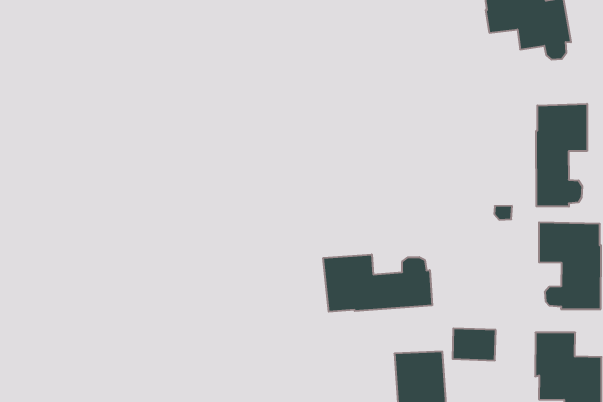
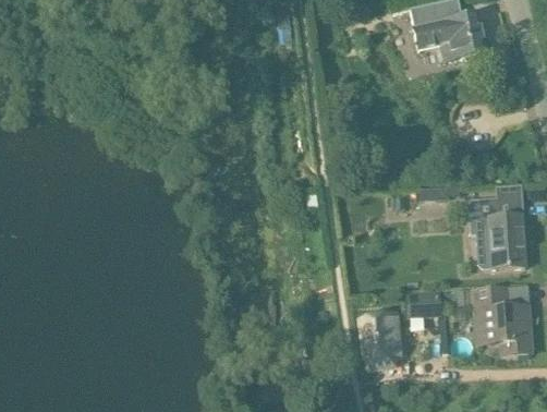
building: [536,104,587,207] -> none
building: [323,254,432,312] -> none

